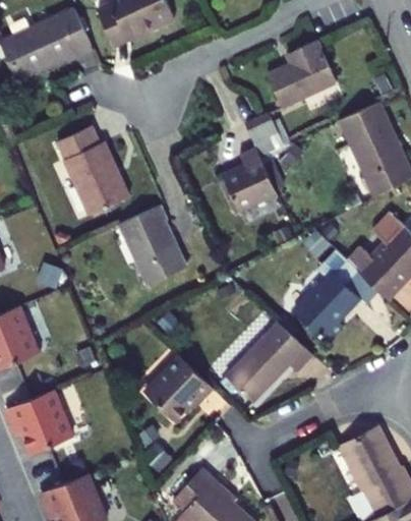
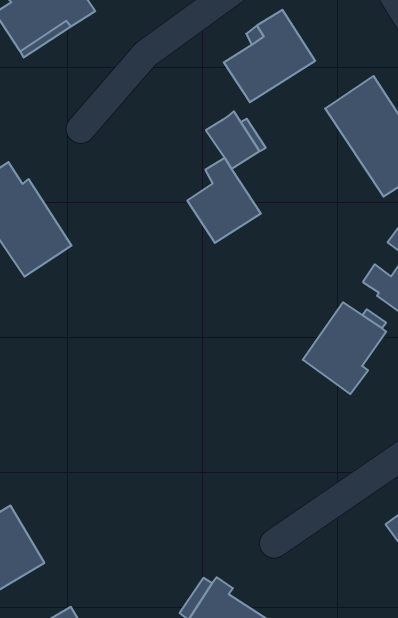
building: [120,206,185,285] -> none
building: [227,323,312,402] -> none
building: [146,356,214,421] -> none

